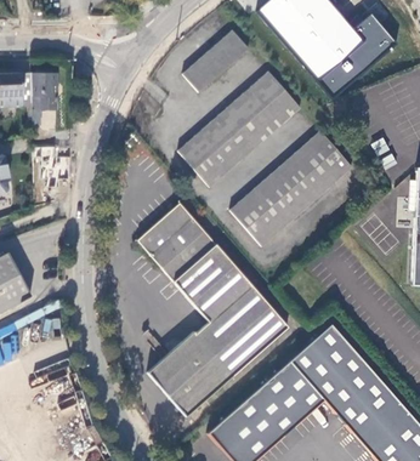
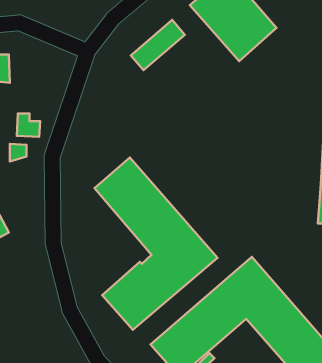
building: [316,15,398,101] -> none
building: [32,73,55,124] -> none
building: [180,73,300,187] -> none
building: [232,131,351,245] -> none

